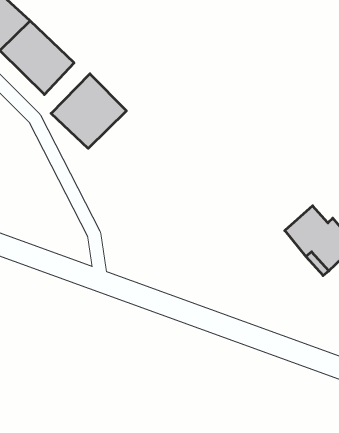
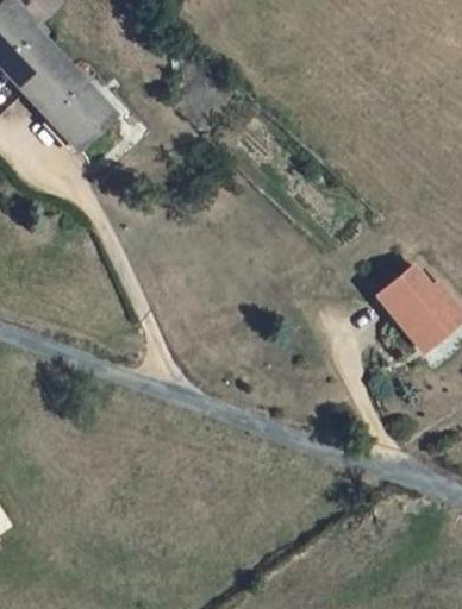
building: [51,74,126,148] -> none

